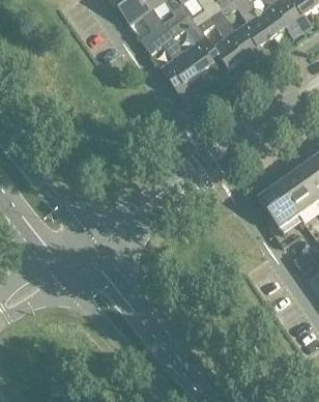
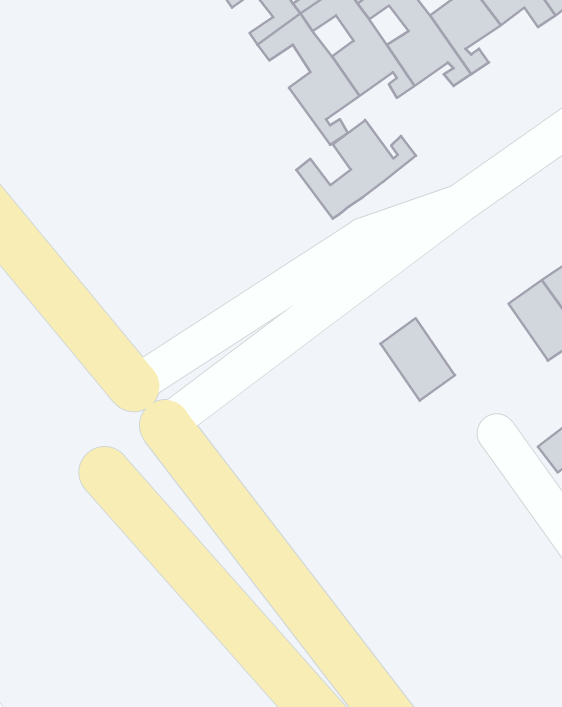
building: none -> [296,120,416,219]
building: [258,182,297,226] -> [380,318,455,401]

